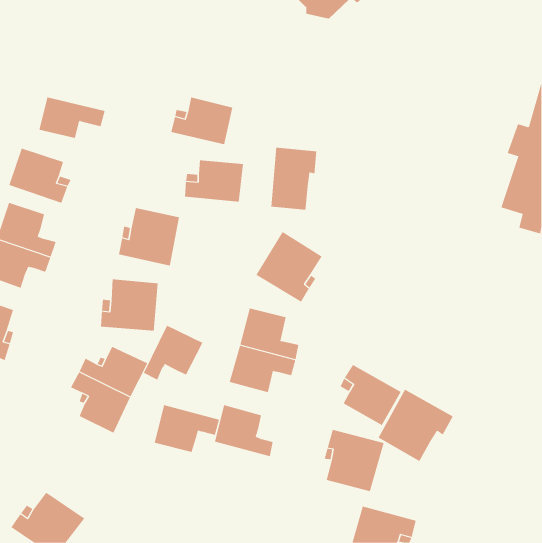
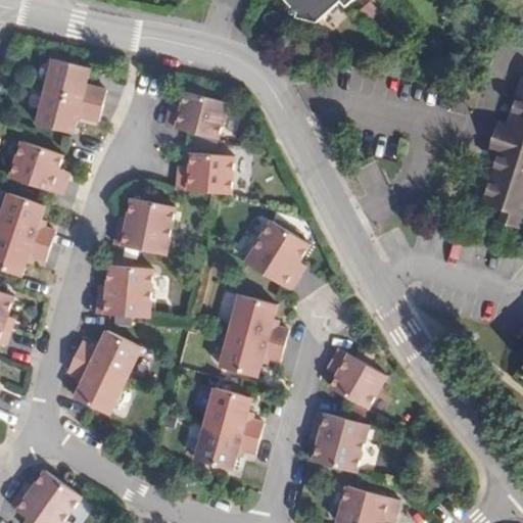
building: none -> [45,60,105,106]
building: [271,147,317,211] -> none
building: [143,325,203,381] -> none
building: [378,389,453,462] -> none
building: [154,404,220,452] -> [196,424,259,470]

